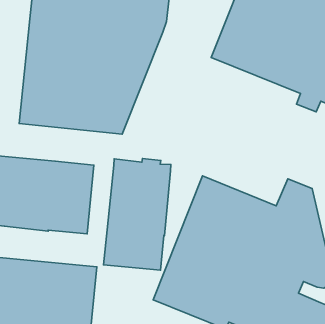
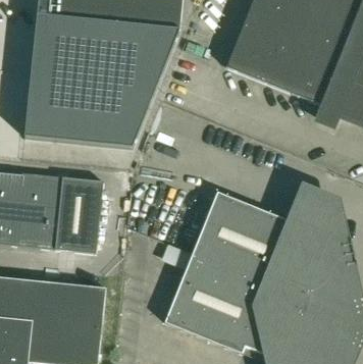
building: [104,159,171,270] -> none

